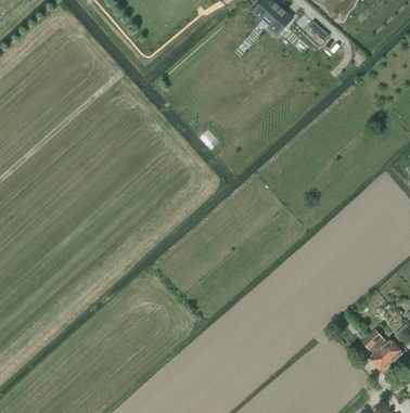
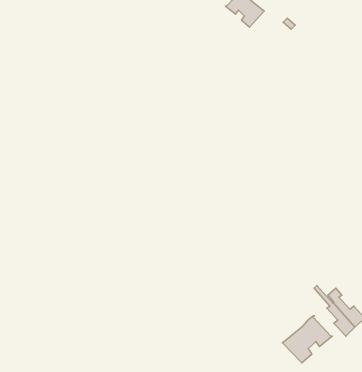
building: none -> [283,316,332,363]

